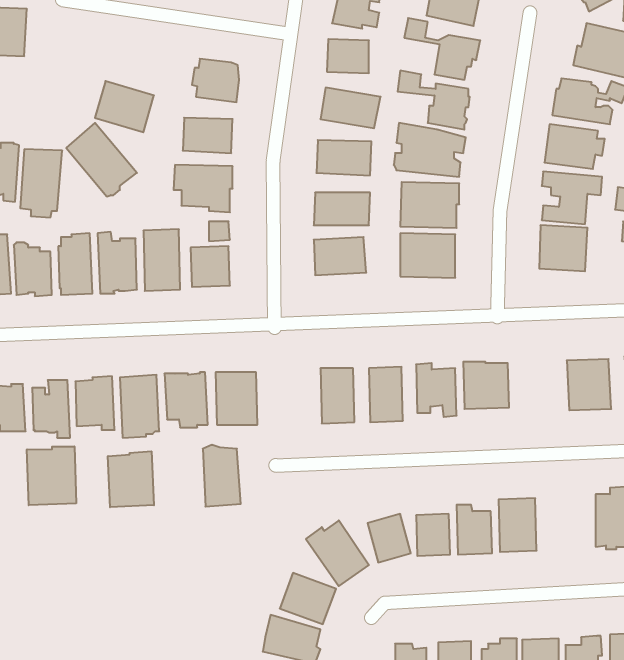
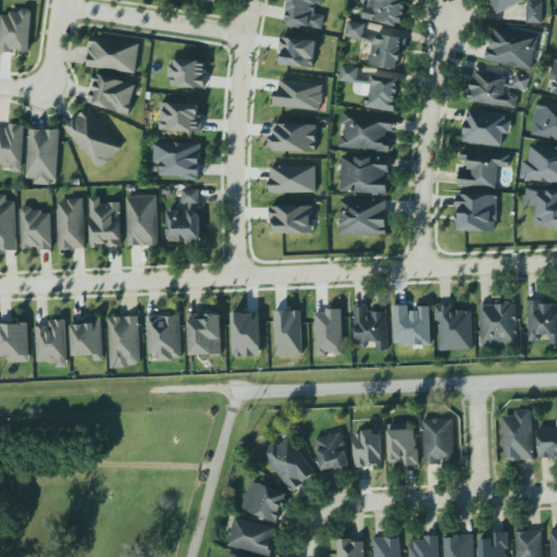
building: none -> [87,36,137,71]
building: none -> [436,302,473,350]
building: [203,445,241,507] -> [231,306,262,357]
building: [27,446,76,505] -> none
building: [108,451,154,507] -> none

